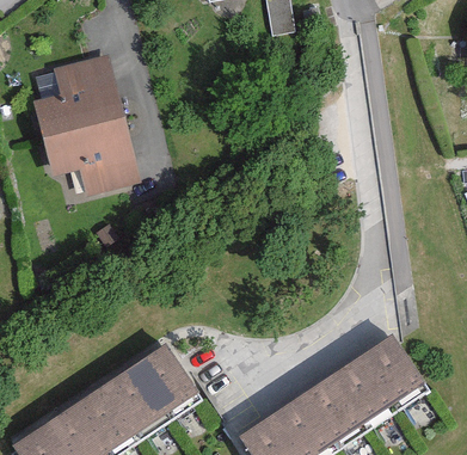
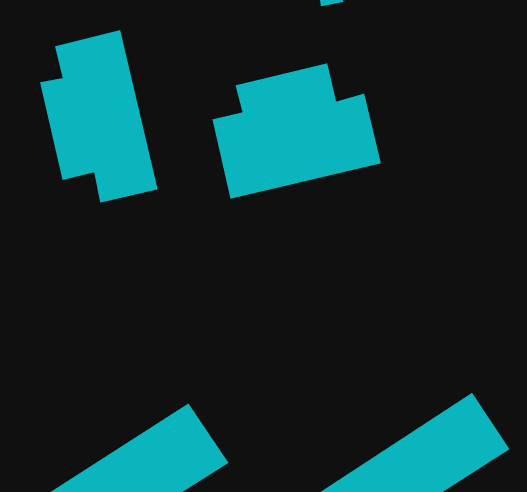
building: none -> [212,62,382,200]

